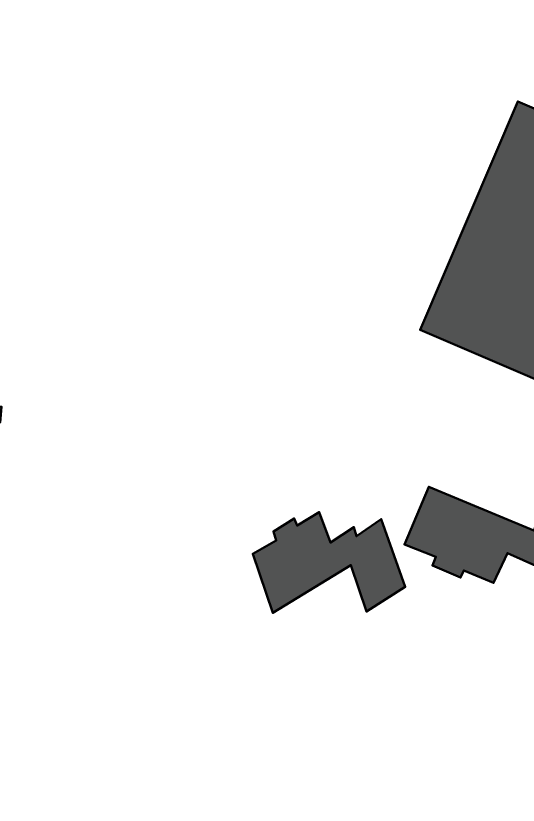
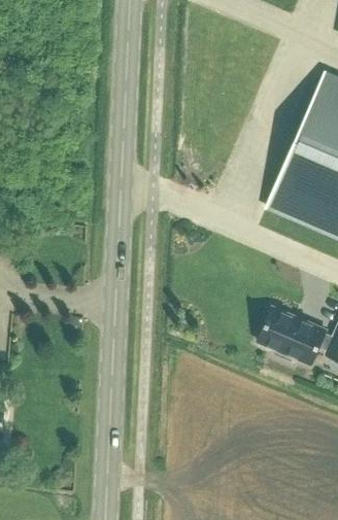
building: [253,512,405,613] -> none

